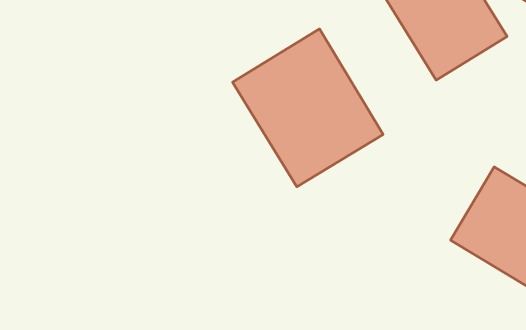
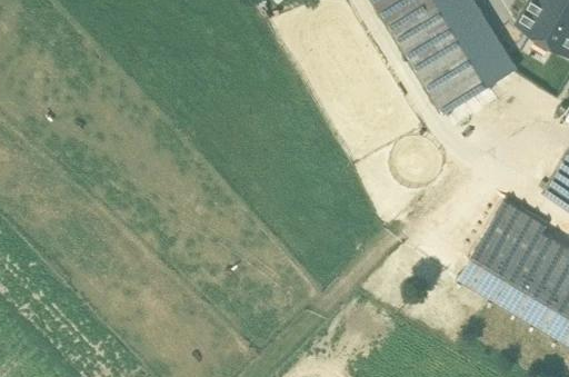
building: [233,29,383,187] -> none

